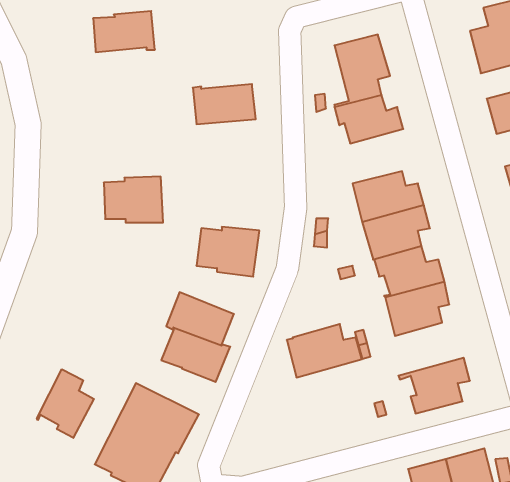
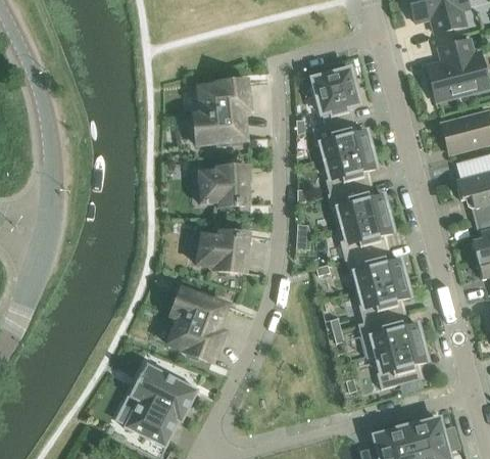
building: [93,11,155,52] -> [198,79,250,113]
building: none -> [326,147,376,193]
building: [104,177,163,223] -> [199,166,249,204]
building: [287,324,362,377] -> [358,311,422,356]
building: [37,369,94,438] -> none

